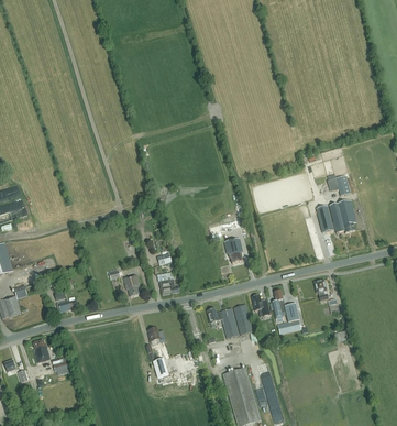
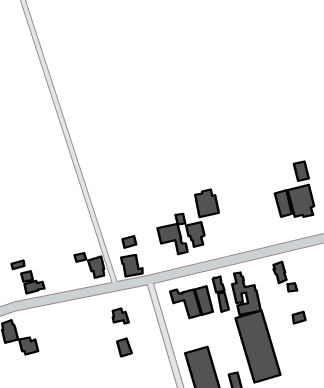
building: none -> [195,190,219,217]
building: none -> [158,224,187,254]
building: none -> [236,310,280,383]

